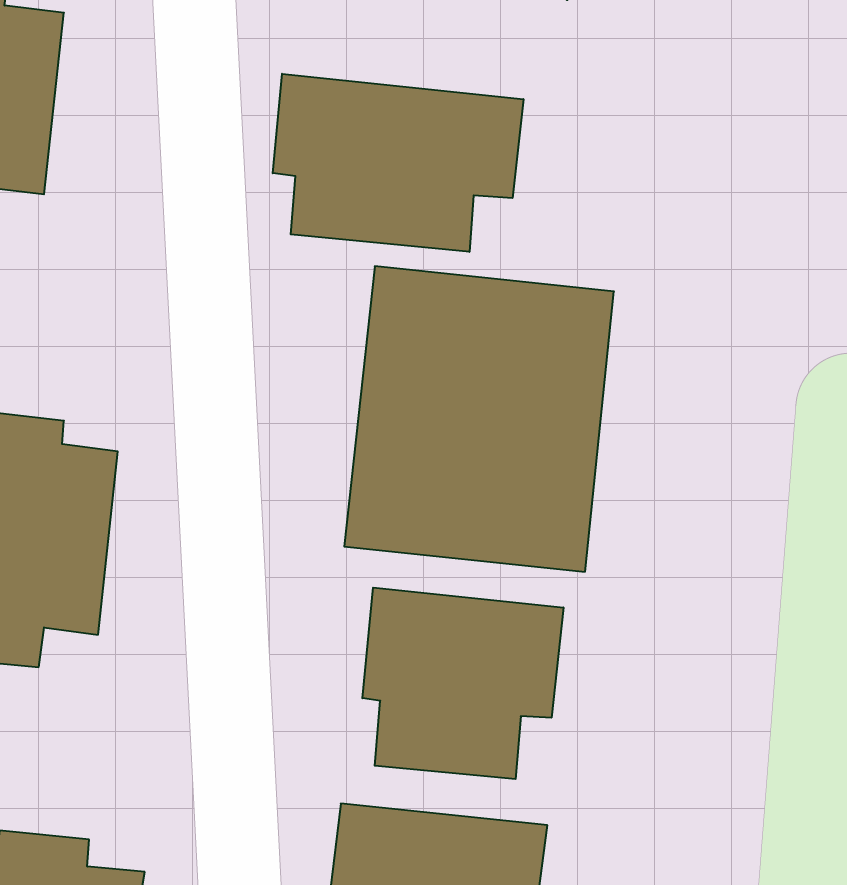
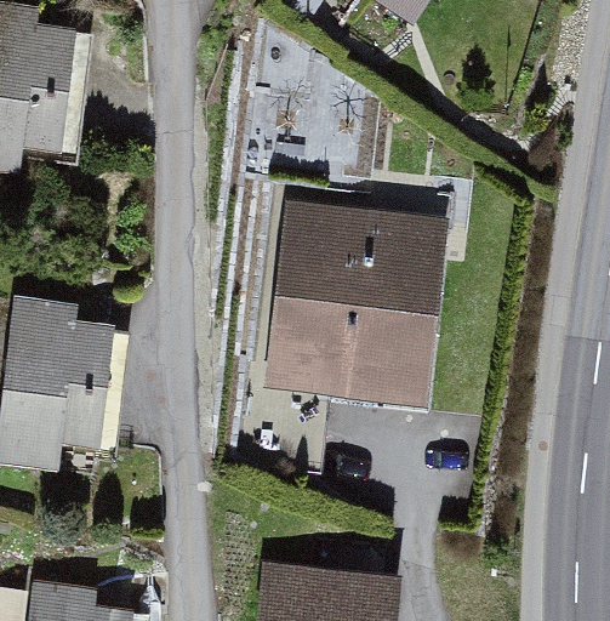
building: [273,74,523,252] -> none
building: [362,588,563,779] -> none

